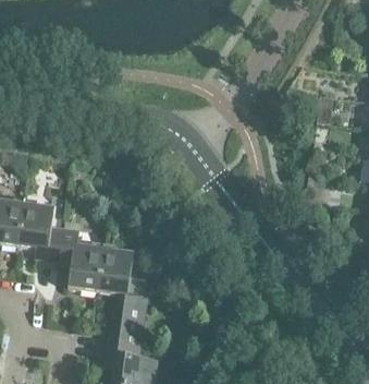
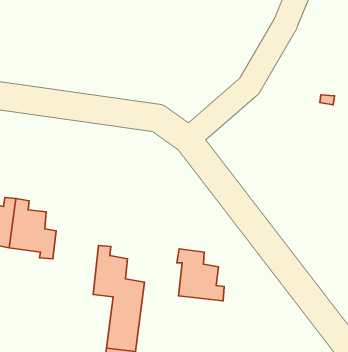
building: [60,228,104,290] -> none
building: none -> [177,249,224,301]

